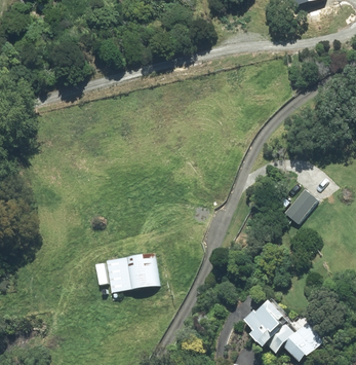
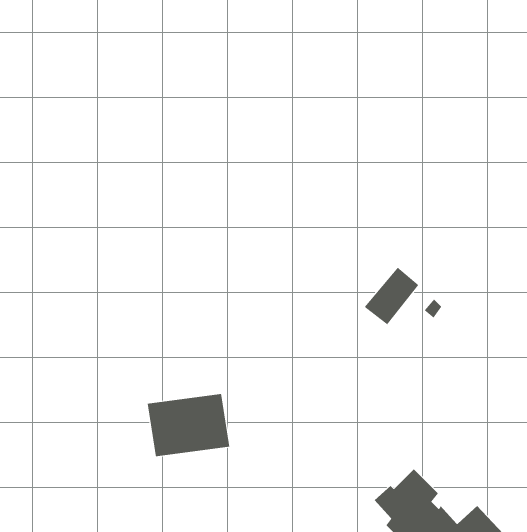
building: [282,188,316,224] -> [364,267,419,325]

